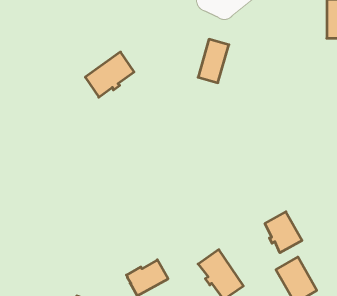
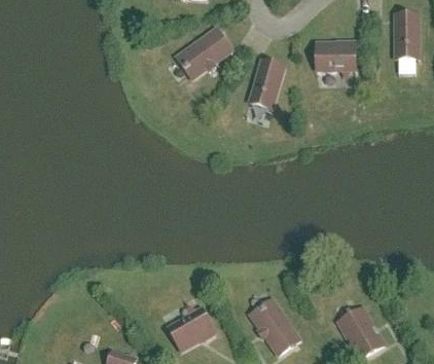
building: none -> [316,43,355,70]
building: [85,52,134,97] -> [176,28,231,79]
building: [265,212,302,253] -> none

